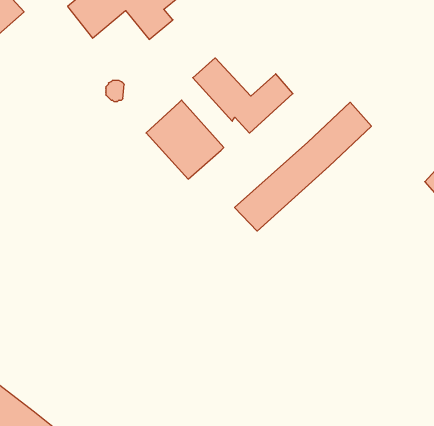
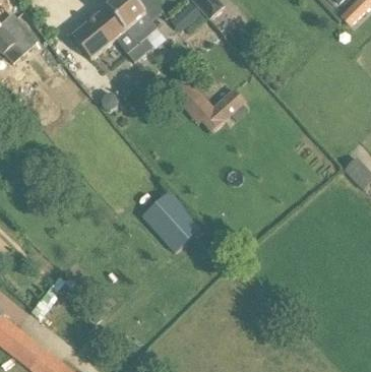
building: [146,100,224,179] -> [141,189,201,250]
building: [235,102,371,231] -> none

